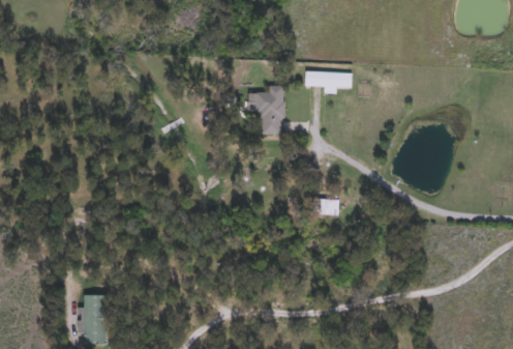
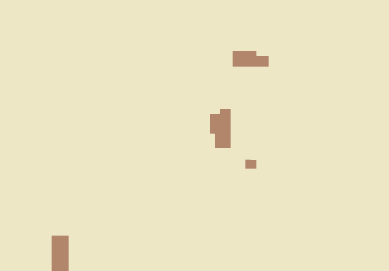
building: [254,85,282,135] -> [209,108,232,149]

